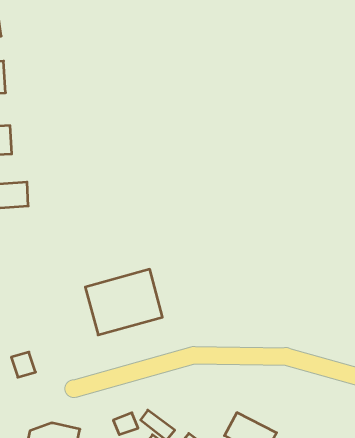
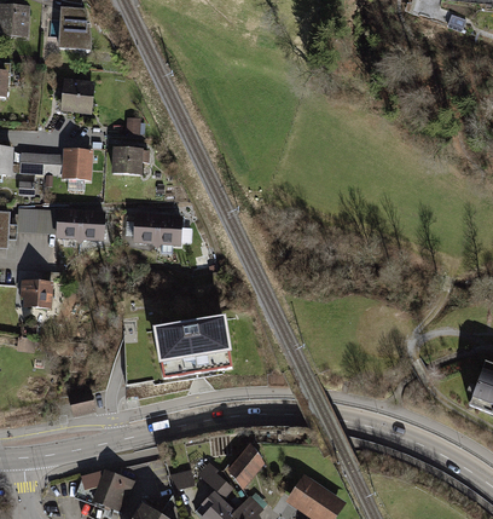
building: none -> [114,149,143,173]
building: none -> [130,214,181,244]
building: none -> [228,446,266,490]

